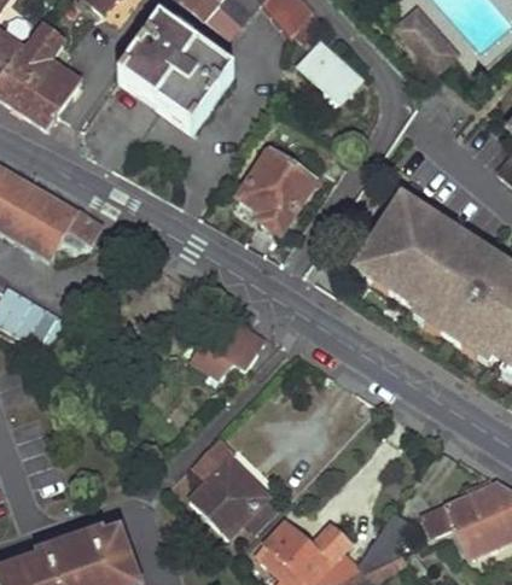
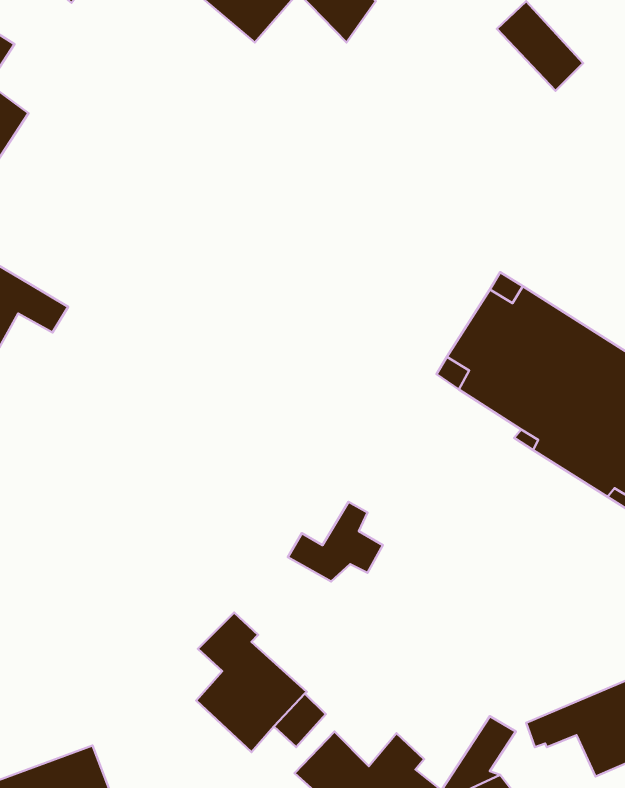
building: [120,21,233,128] -> none
building: [302,42,360,94] -> none
building: [243,150,316,233] -> none
building: [192,320,258,375] -> [288,502,383,581]

